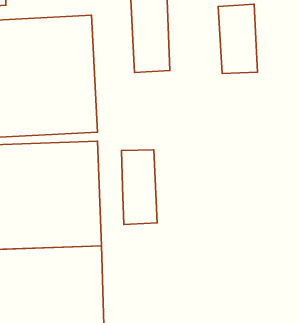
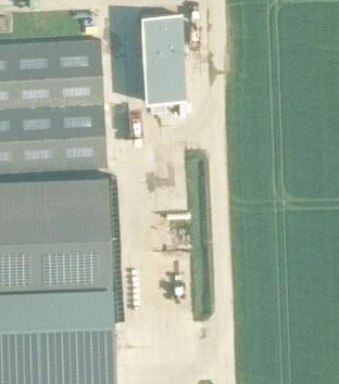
building: [218,4,257,73] -> none
building: [121,150,157,225] -> none

